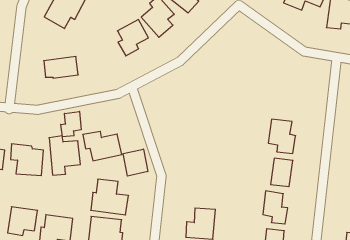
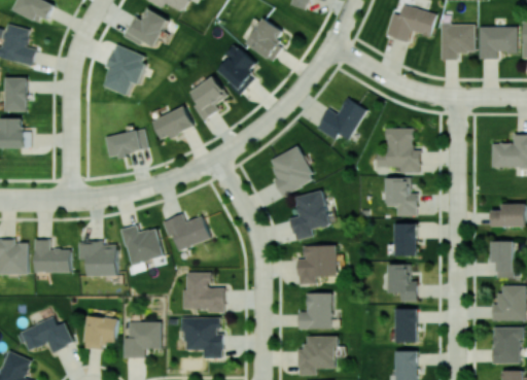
building: none -> [151,106,194,140]
building: none -> [316,98,366,140]
building: none -> [377,128,420,172]
building: none -> [270,146,315,196]
building: [61,111,81,137] -> none
building: none -> [290,189,330,240]
building: [123,149,148,176] -> none
building: none -> [296,245,337,284]

